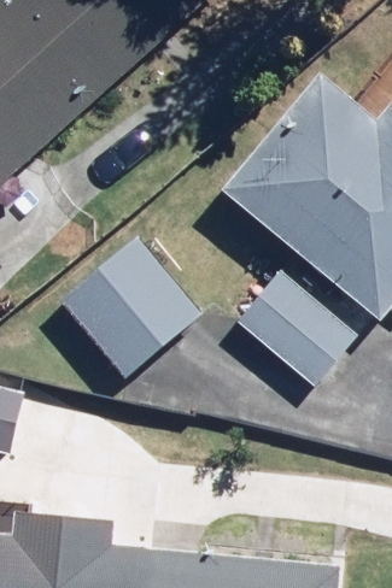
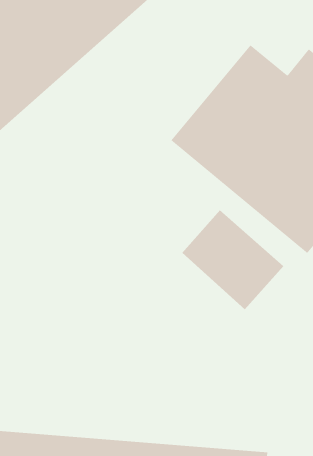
building: [43,217,199,376] -> none

